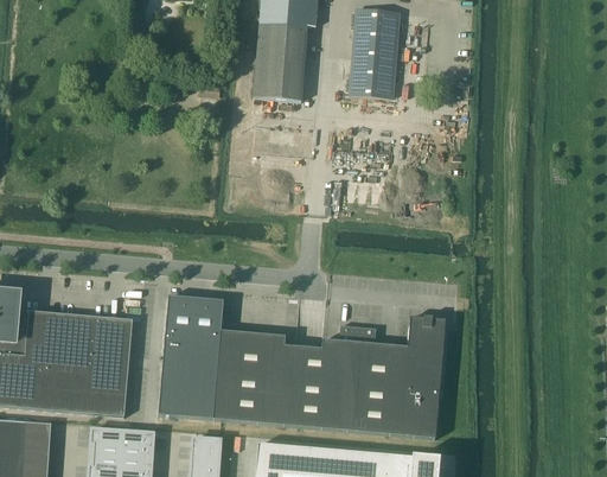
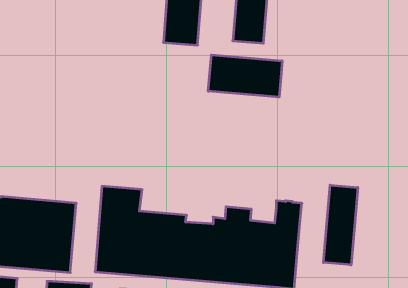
building: none -> [208,55,282,97]
building: none -> [323,185,358,265]

